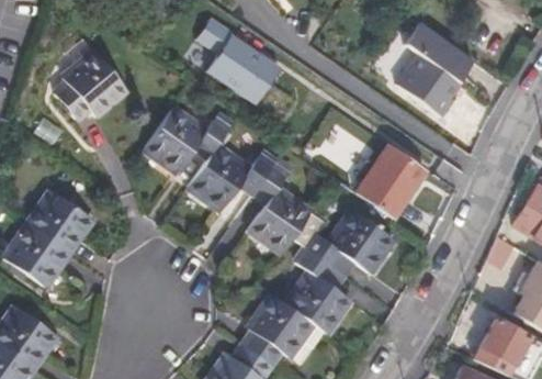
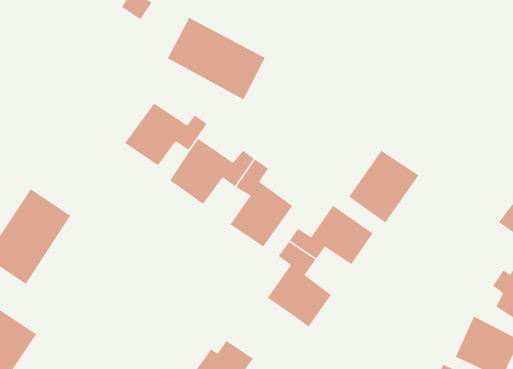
building: [397,23,474,118] -> none
building: [52,51,124,118] -> none
building: [245,291,314,360] -> none

